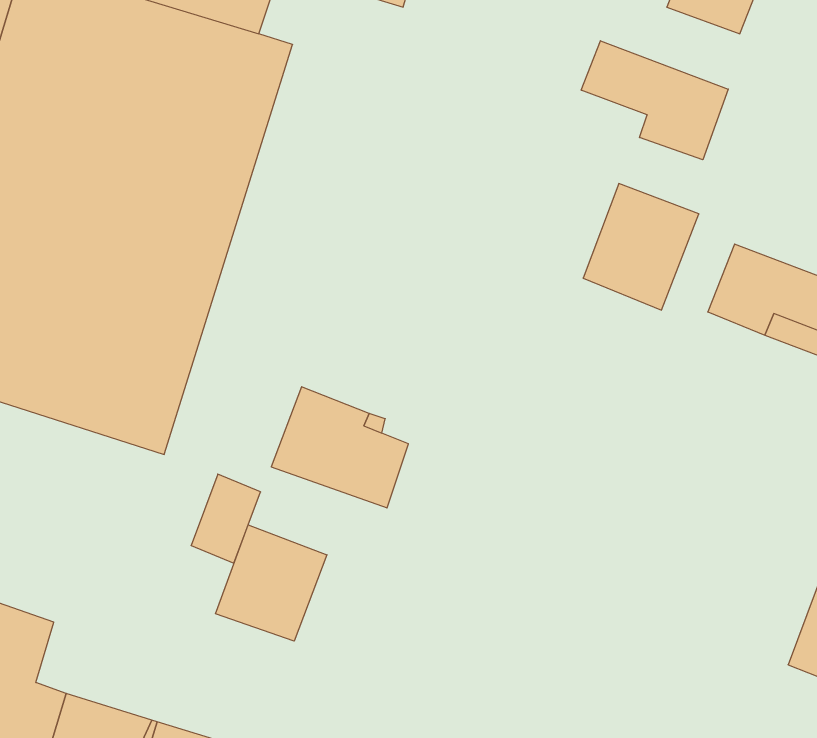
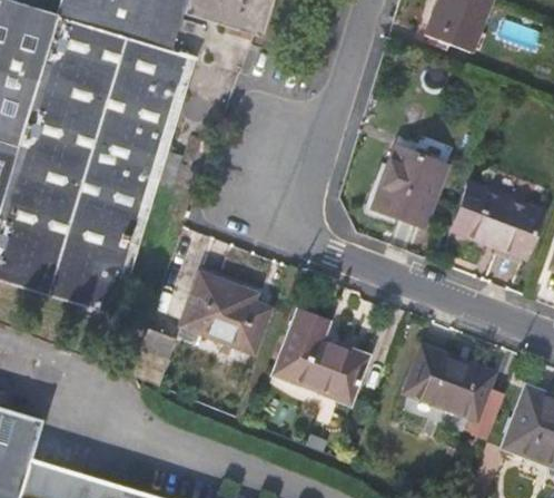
building: [581,41,728,160] -> none
building: none -> [269,312,365,403]
building: none -> [400,344,503,439]
building: [216,525,327,641] -> none

